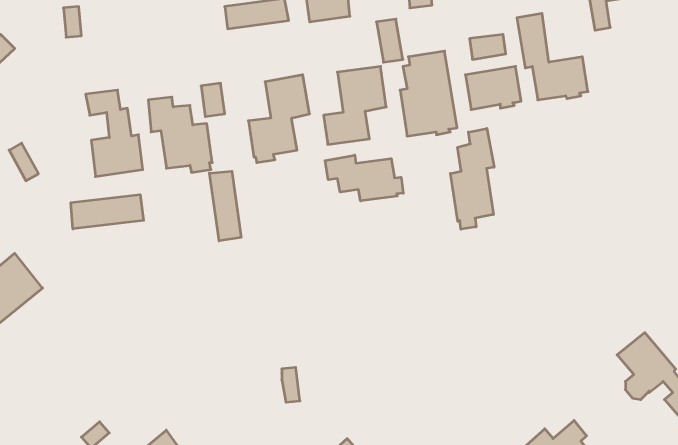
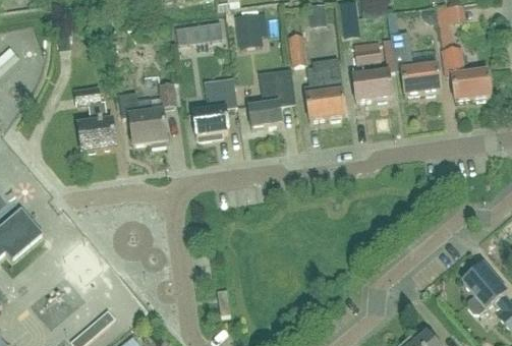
building: none -> [441,48,490,100]
building: [450,128,494,229] -> none
building: [325,155,403,201] -> none
building: [209,171,241,241] -> none
building: [71,195,144,229] -> none

